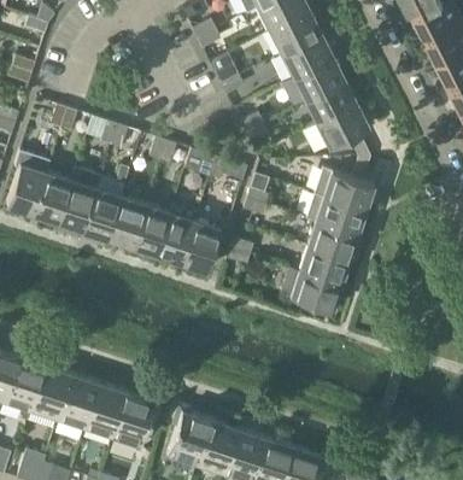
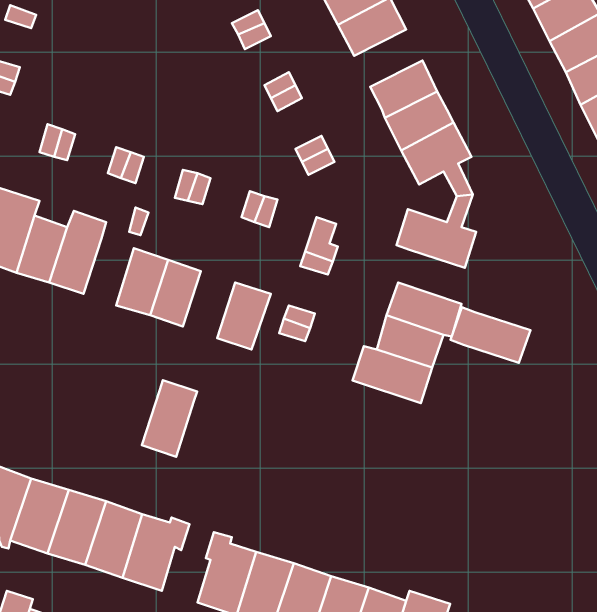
building: [281,35,332,77] -> none
building: [78,189,118,246] -> none
building: [304,194,363,235] -> [451,307,530,363]
building: [154,206,195,263] -> [142,380,197,457]

